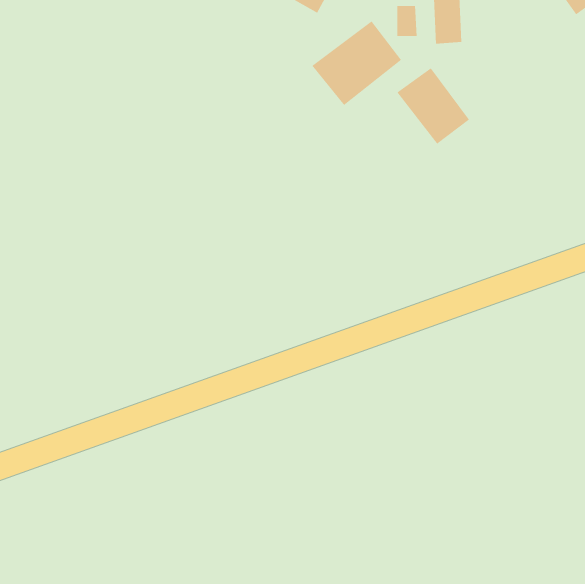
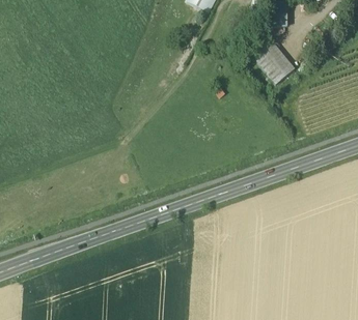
building: [312,21,402,106] -> none

